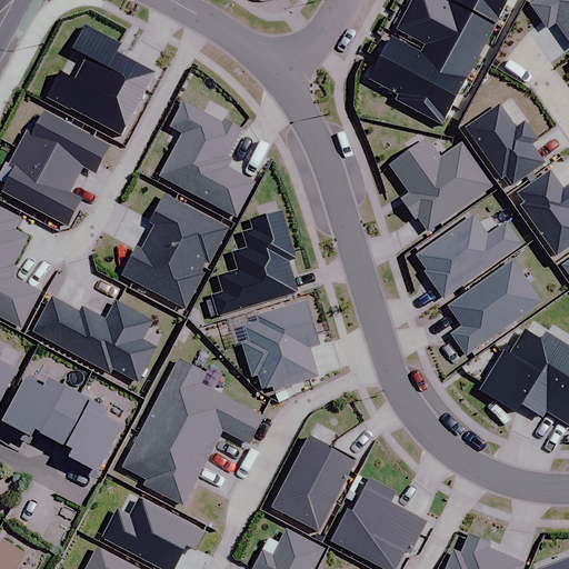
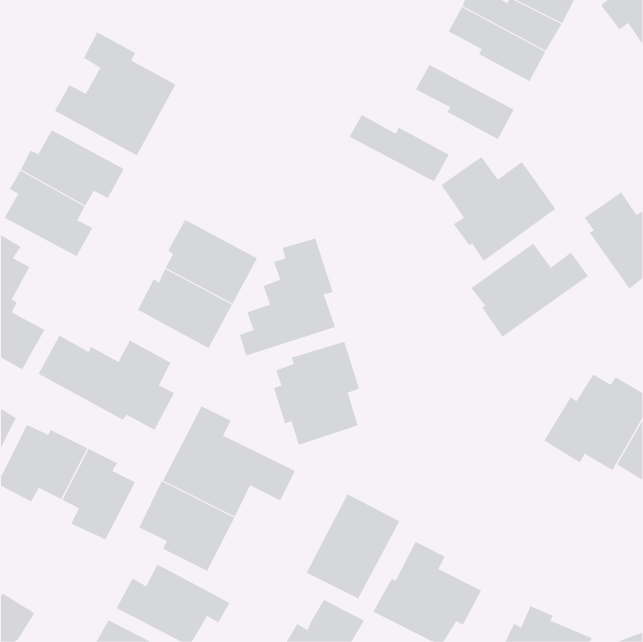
building: [379,37,468,97] -> [349,114,450,182]
building: [160,101,253,216] -> none
building: [465,102,542,184] -> none
building: [448,261,540,353] -> none

